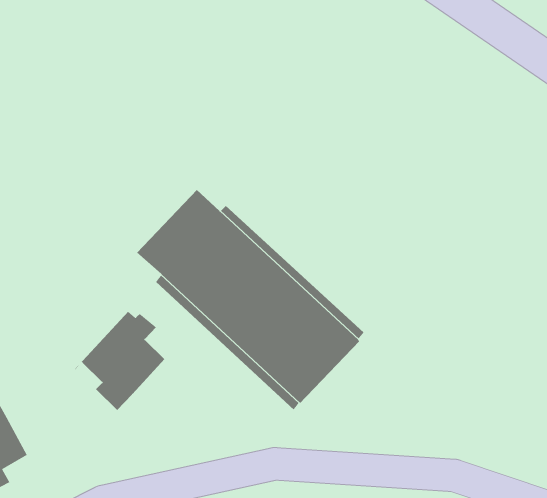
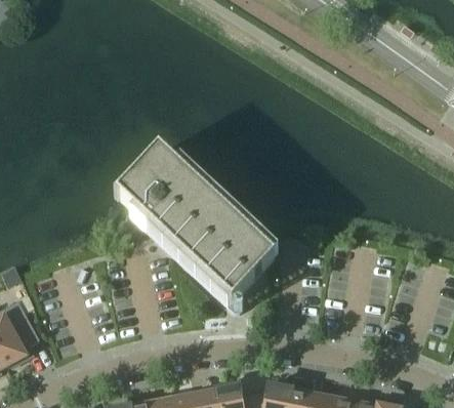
building: [74,311,165,411] -> none

